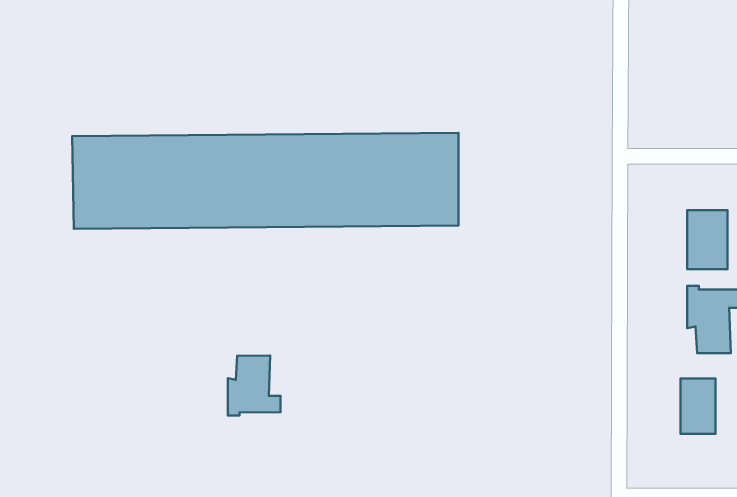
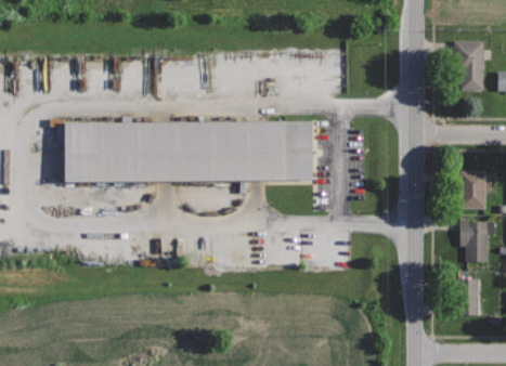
building: none -> [454,40,484,91]
building: [228,356,281,416] -> none

